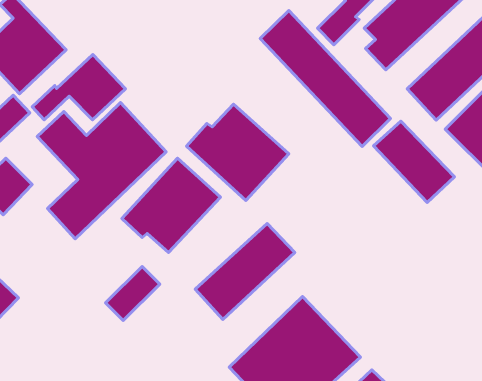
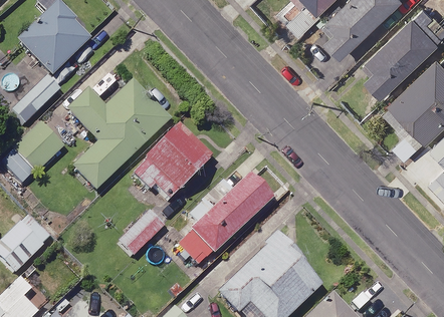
building: [260,11,391,146] -> none
building: [32,54,125,120] -> none
building: [187,104,289,200] -> none
building: [374,121,454,203] -> none

